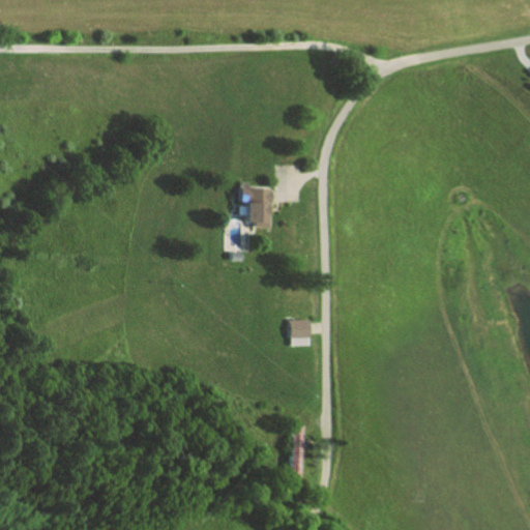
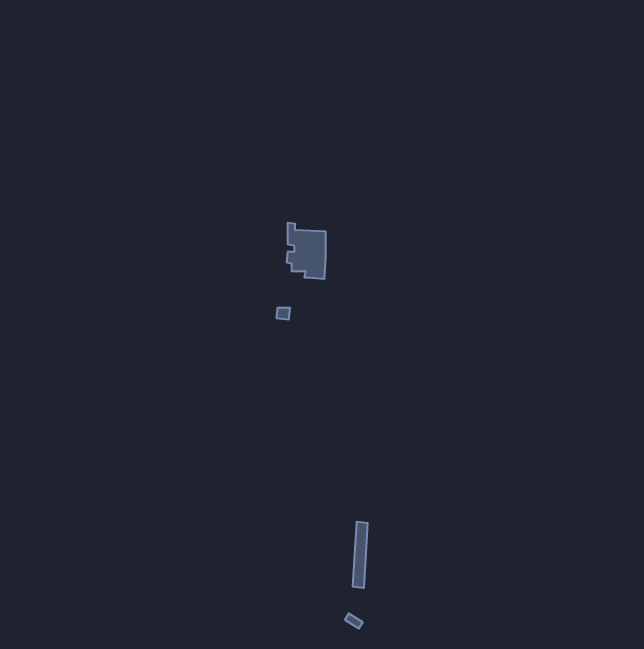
building: [289,319,308,346] -> none

